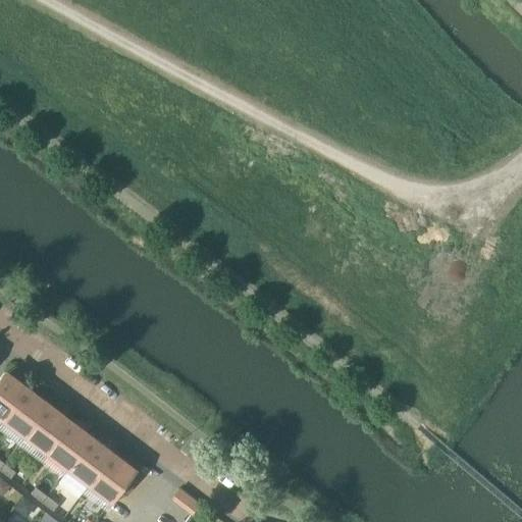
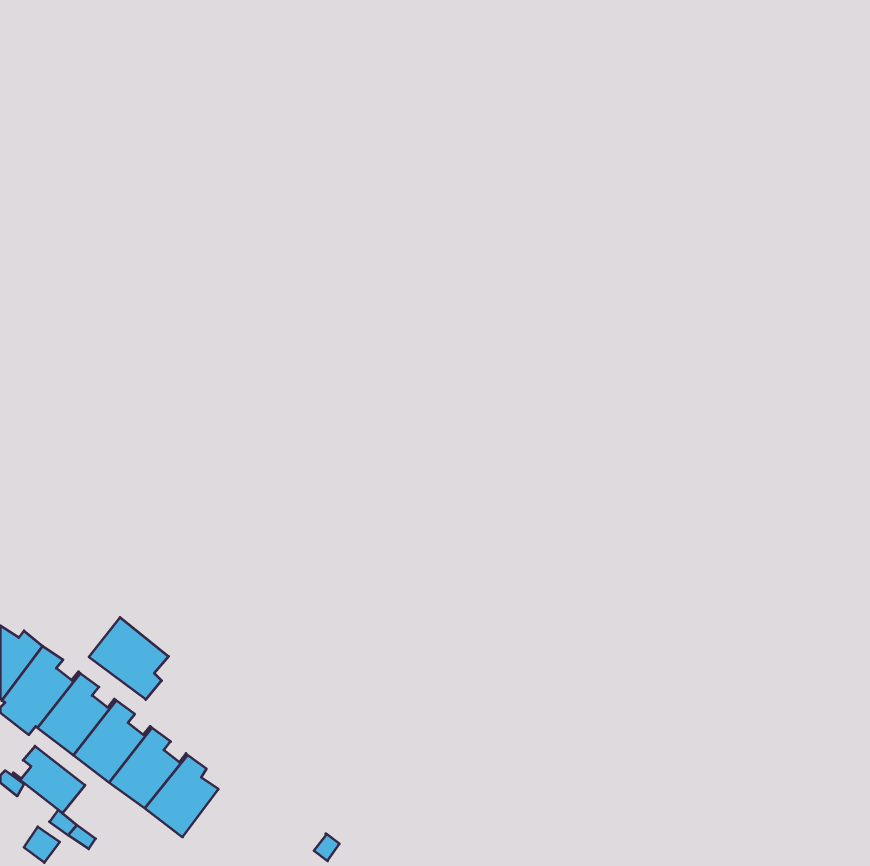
building: none -> [89,617,169,700]
building: none -> [13,746,85,813]

